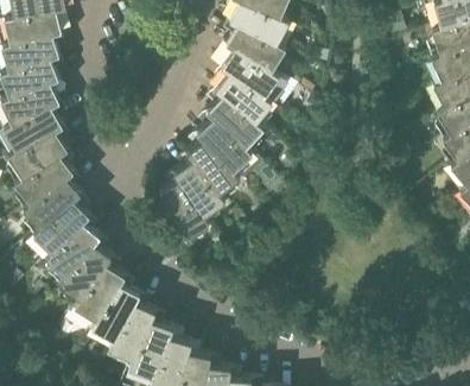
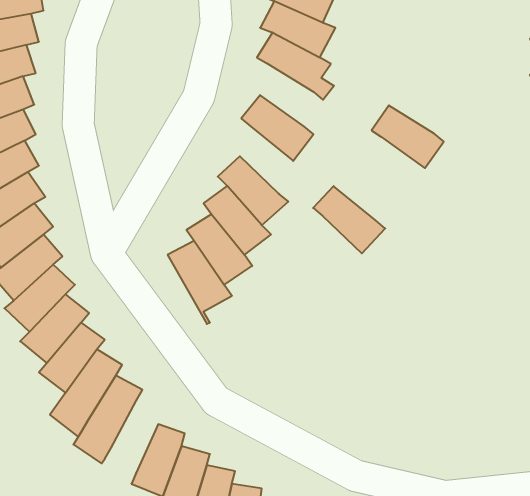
building: [222,51,277,99] -> [372,105,444,168]
building: [207,99,261,150] -> [313,186,385,253]
building: [112,306,155,361] -> none

